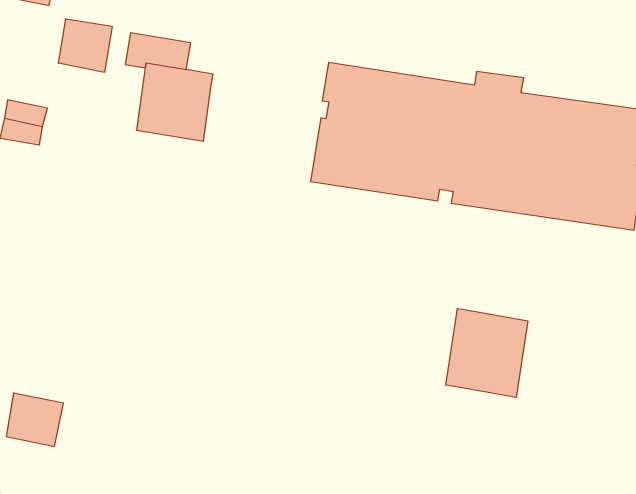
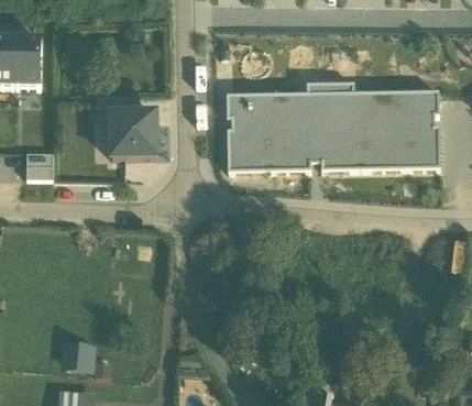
building: [58,19,112,72] -> none
building: [446,308,528,398] -> none

